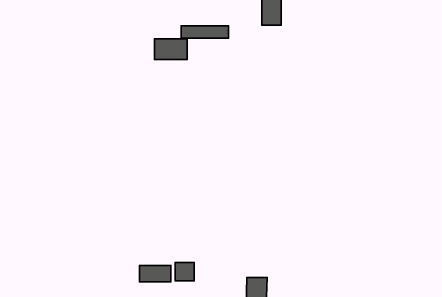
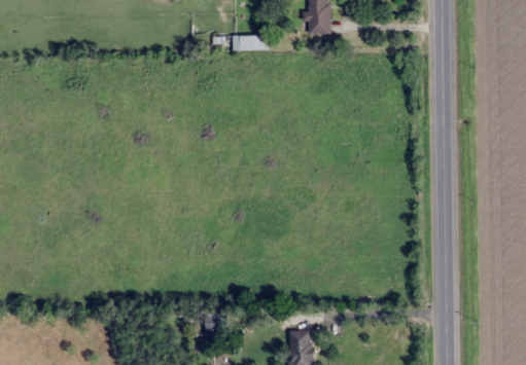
building: [154,39,187,60] -> none
building: [139,265,171,282] -> none

